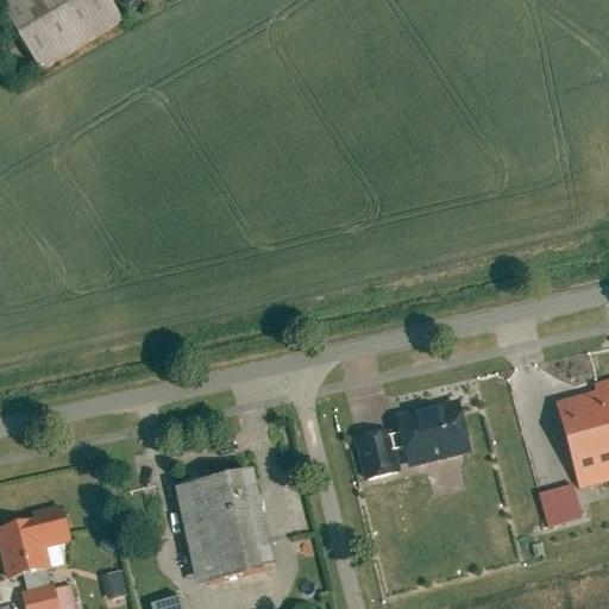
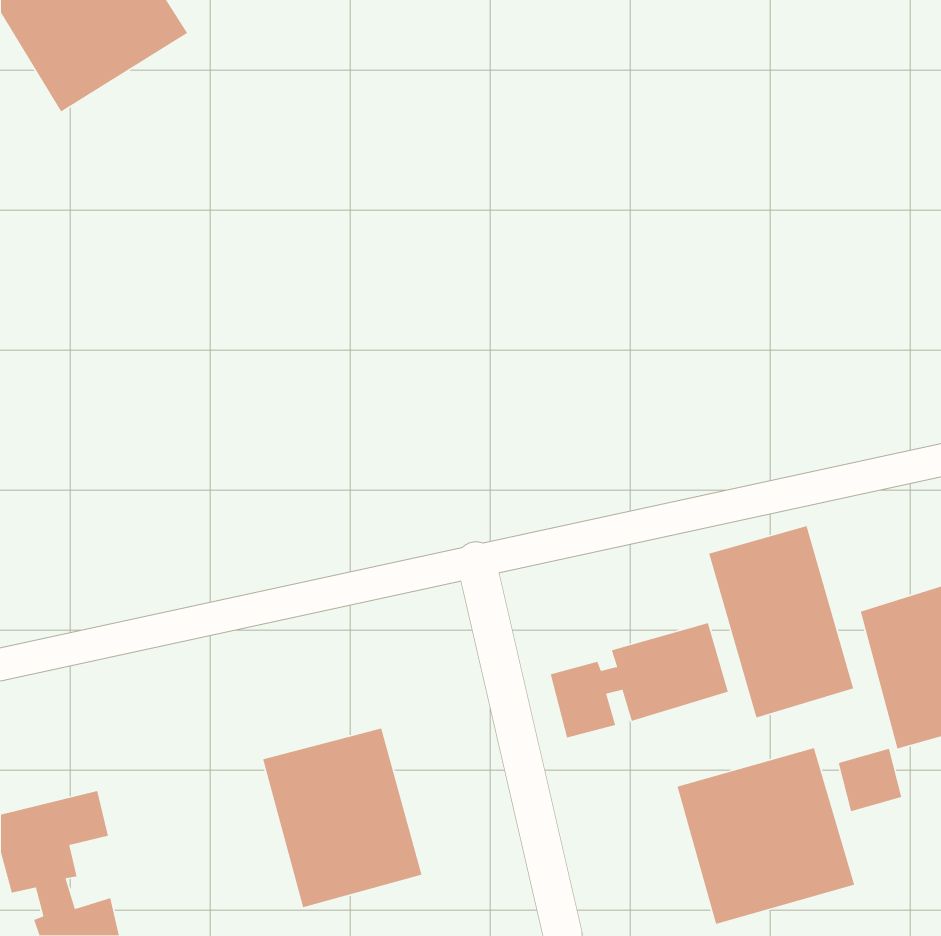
building: none -> [708,525,854,719]
building: none -> [677,747,855,925]

